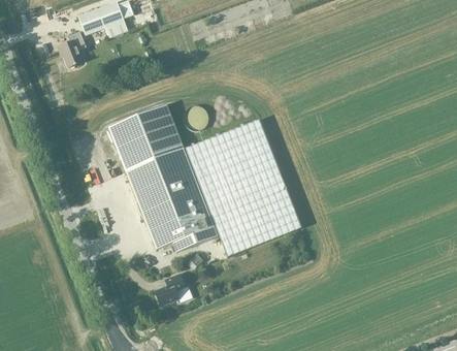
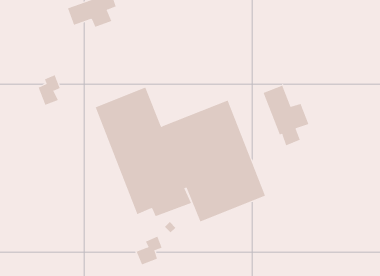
building: [60,30,86,65] -> [38,75,61,106]
building: none -> [263,85,309,146]

